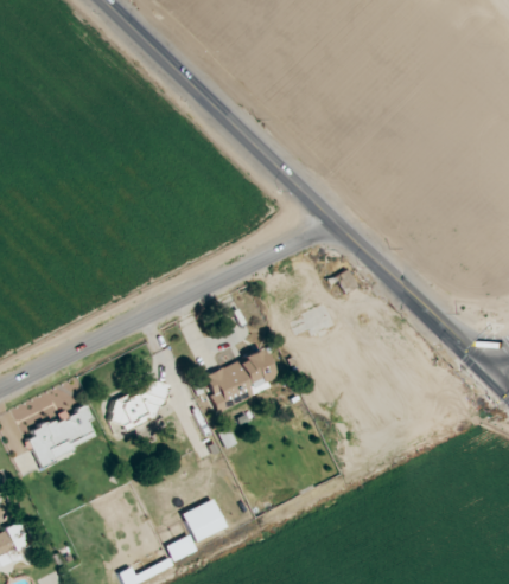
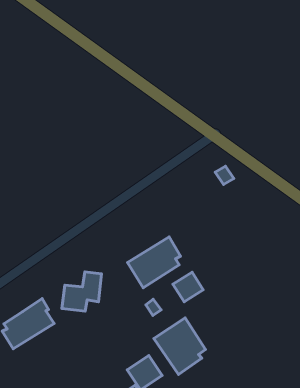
building: none -> [173,272,203,302]
building: none -> [154,318,206,374]

